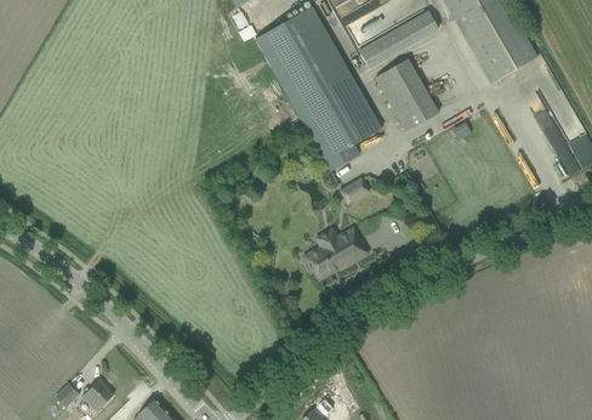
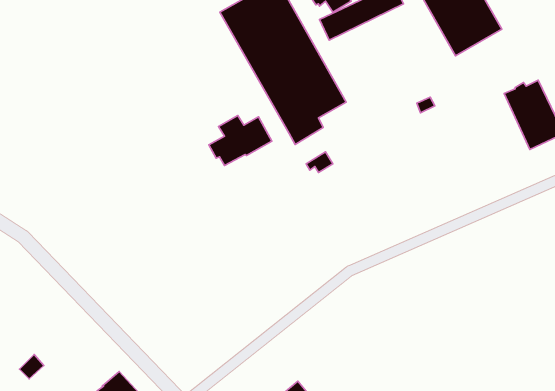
building: [378,59,439,129] -> none
building: [304,227,368,277] -> [209,116,272,165]
building: [82,378,114,410] -> none

